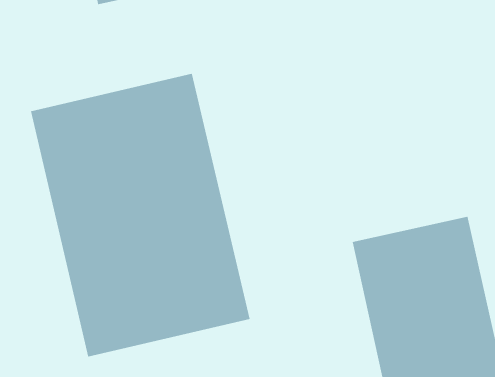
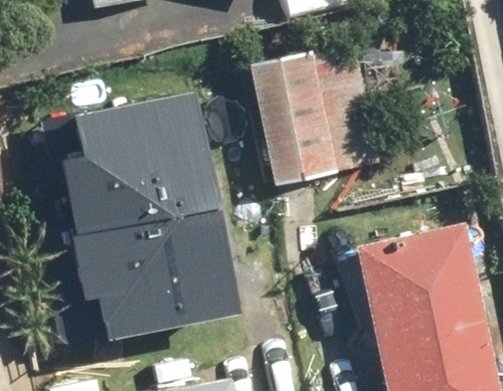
building: none -> [246,42,385,186]

